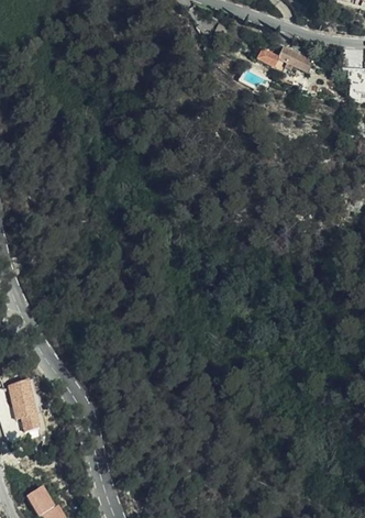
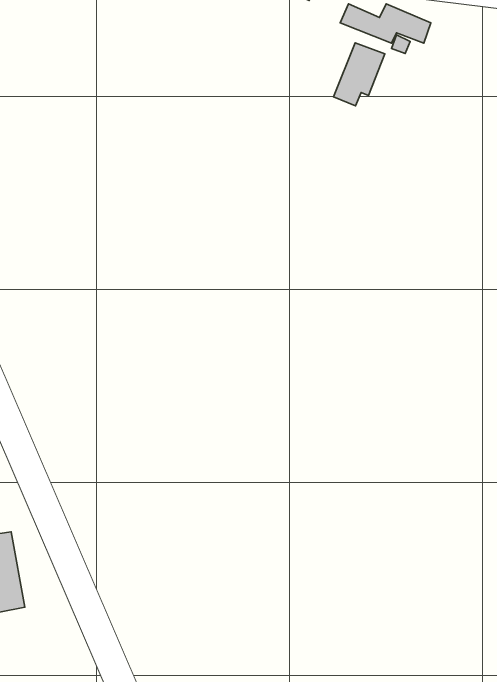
building: none -> [333,43,385,106]

